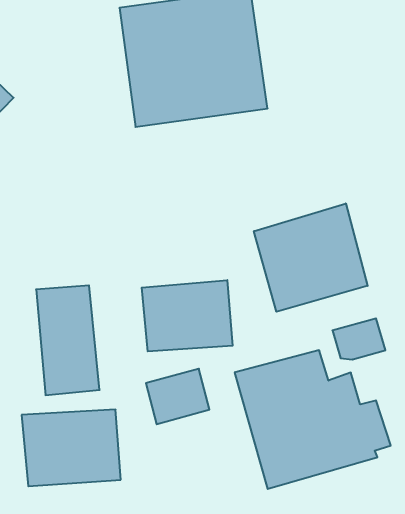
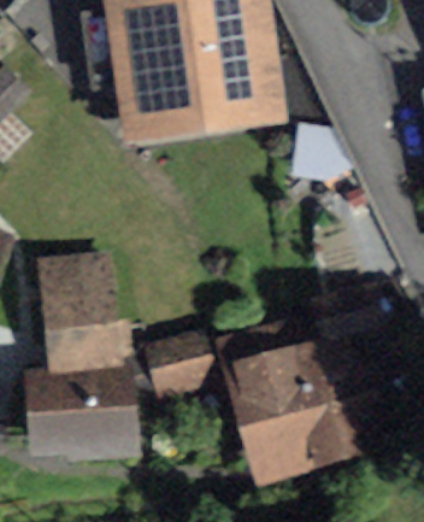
building: [254,203,368,312] -> none
building: [142,280,233,351] -> none

